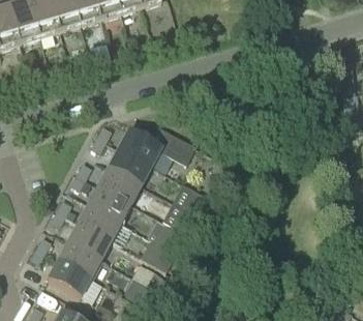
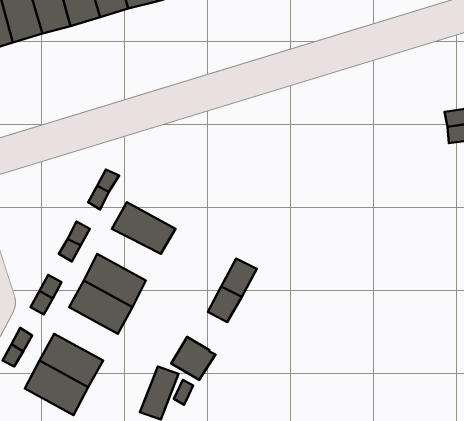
building: [118,128,195,167] -> none
building: [97,167,142,203] -> none
building: [67,222,112,259] -> none

